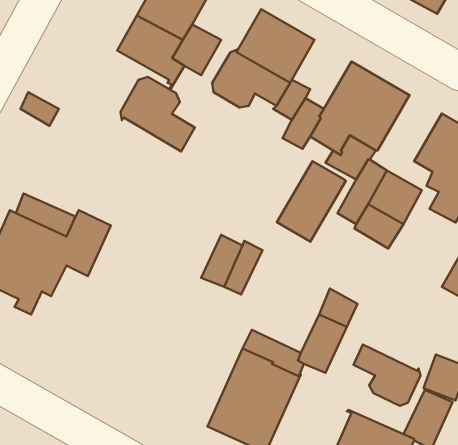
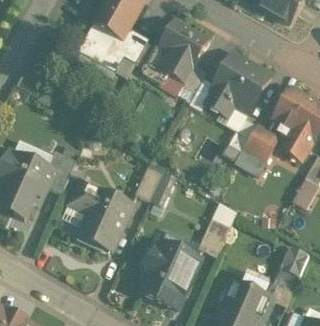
building: [121,77,195,151] -> none
building: [277,161,346,242] -> none
building: none -> [68,181,131,252]
building: [353,344,421,406] -> none

